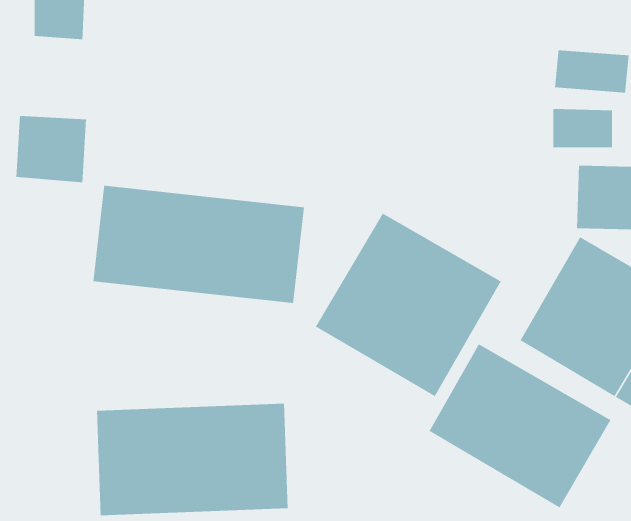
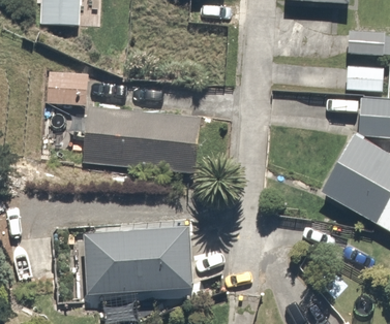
building: [315,212,502,397] -> none
building: [428,343,612,508] -> none

